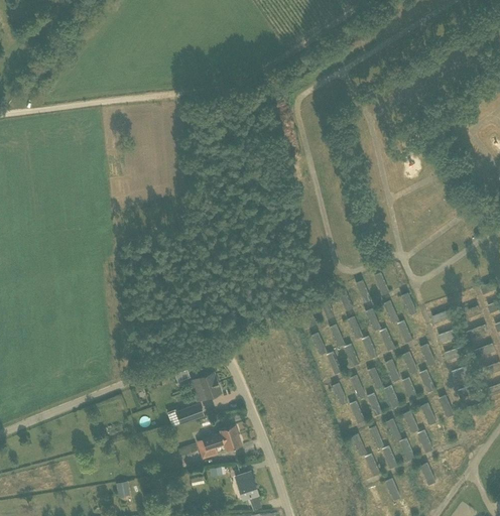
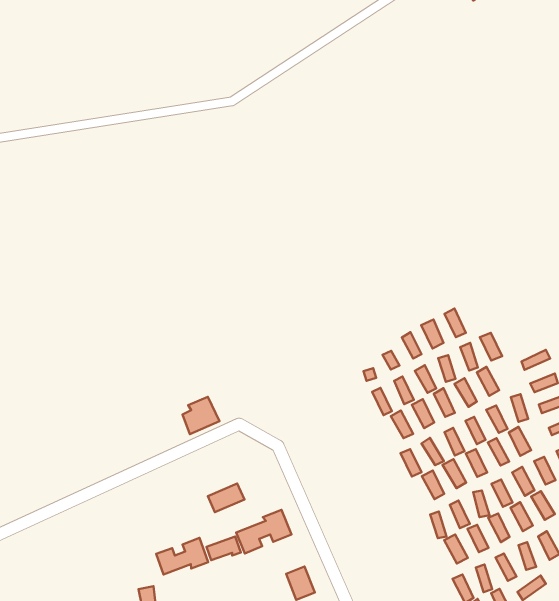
building: [191,373,220,402] -> [183,397,219,434]
building: none -> [156,538,208,574]

